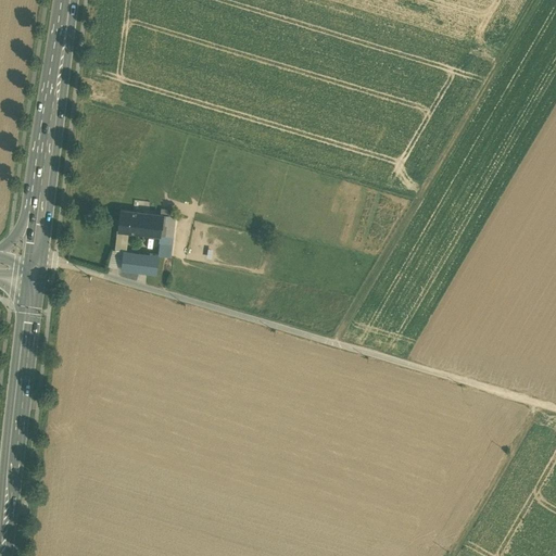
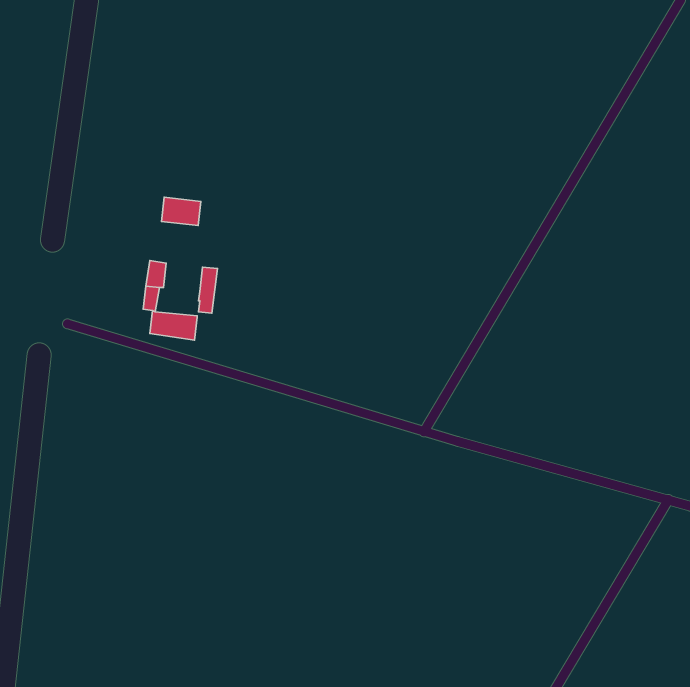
building: [131,214,163,237] -> [162,197,201,226]

